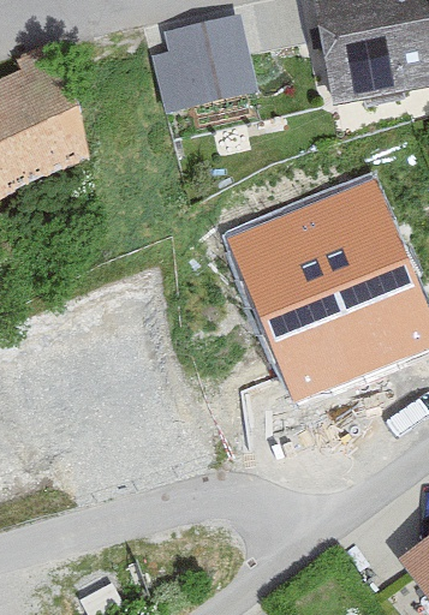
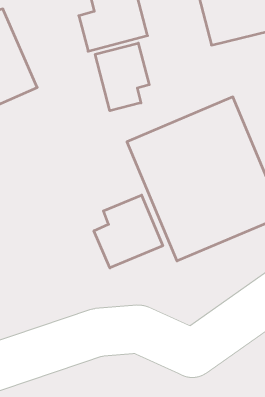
building: none -> [95,43,149,111]
building: none -> [94,195,163,268]

